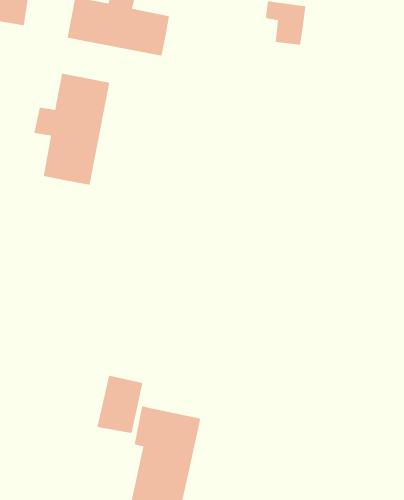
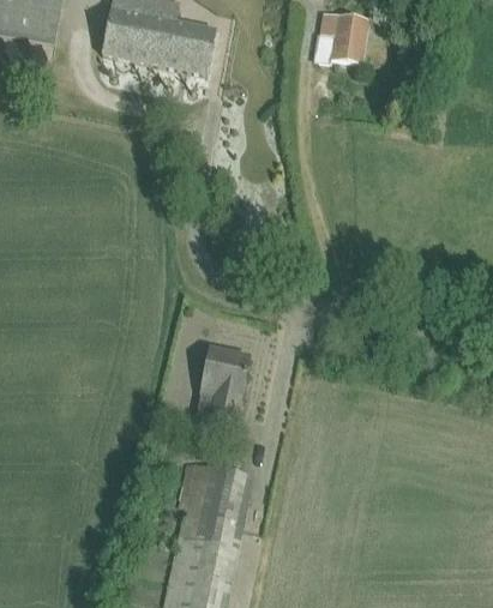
building: [34,73,110,186] -> none
building: [96,375,143,434] -> [196,349,247,414]

